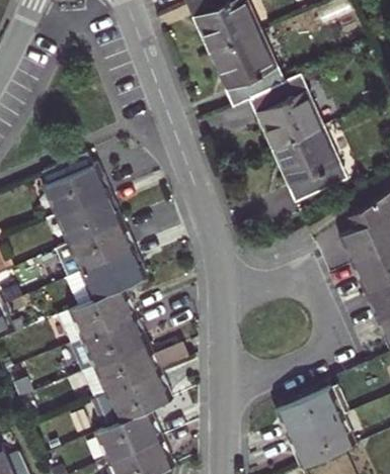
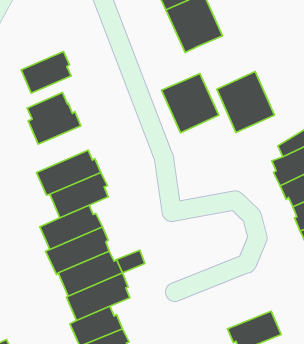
building: [251,77,321,149] -> [161,74,219,133]
building: [58,193,119,244] -> [21,52,71,93]
building: [279,384,349,439] -> none

